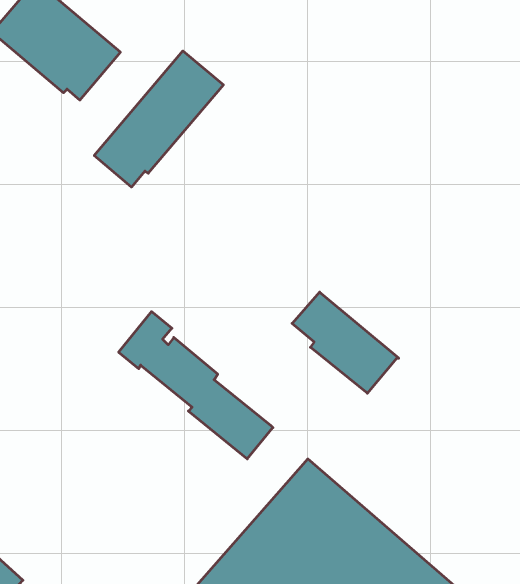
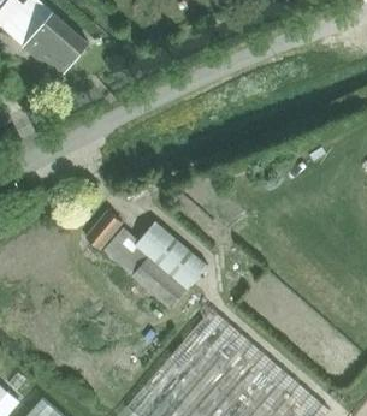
building: [94,51,223,187] -> none
building: [292,292,399,393] -> [138,221,208,287]

